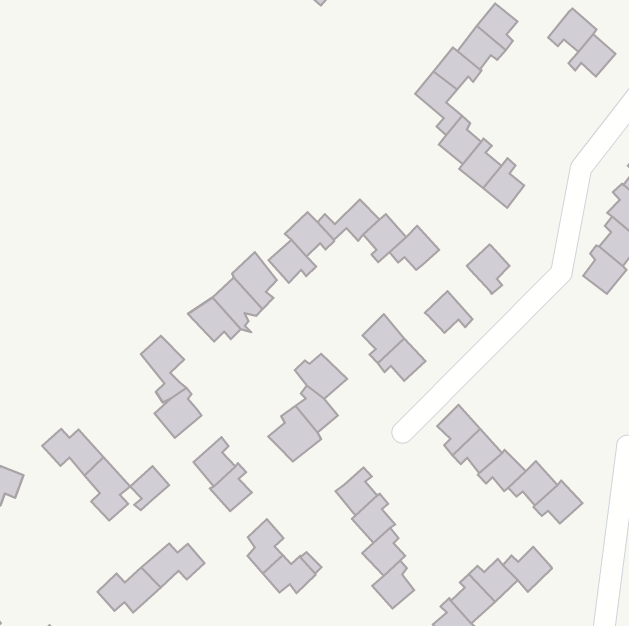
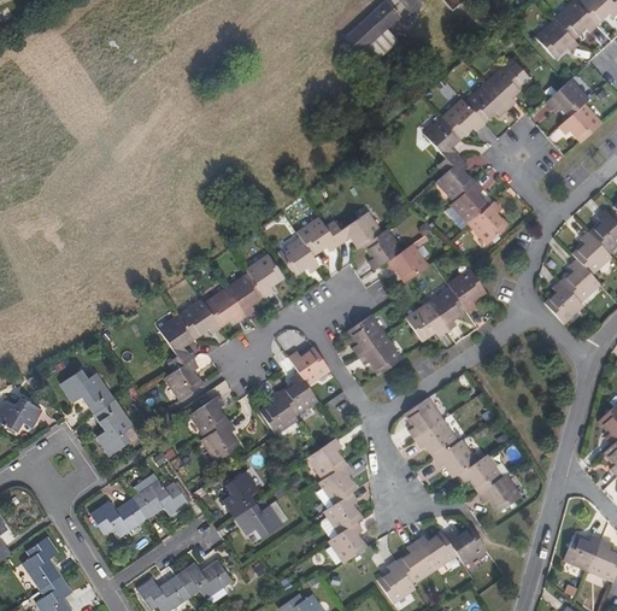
building: none -> [428,287,464,329]
building: none -> [180,292,224,330]
building: [130,466,169,510] -> none

